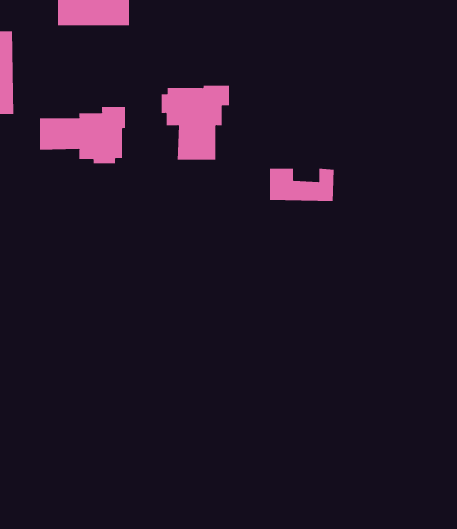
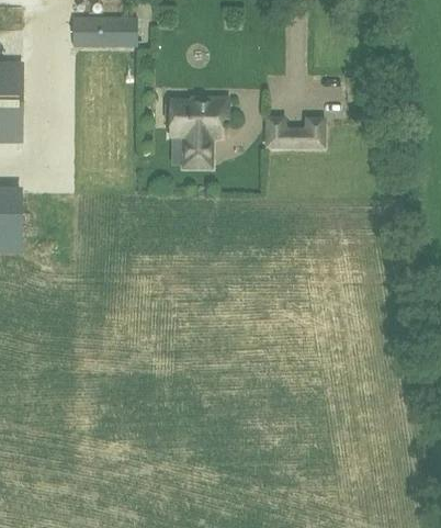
building: [39,106,125,164] -> none
building: [269,168,335,201] -> [263,119,321,148]

